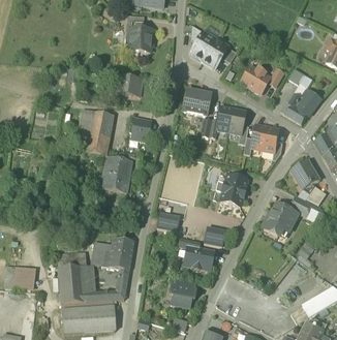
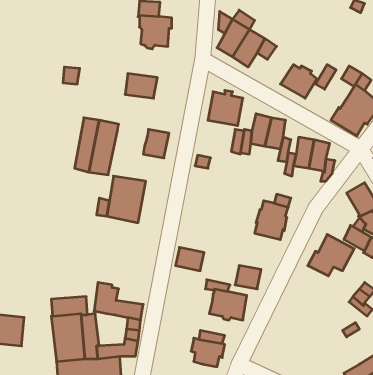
building: [109,238,133,258] -> none

